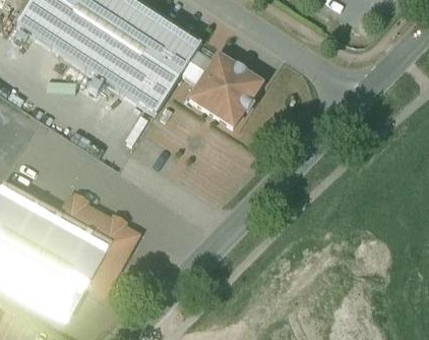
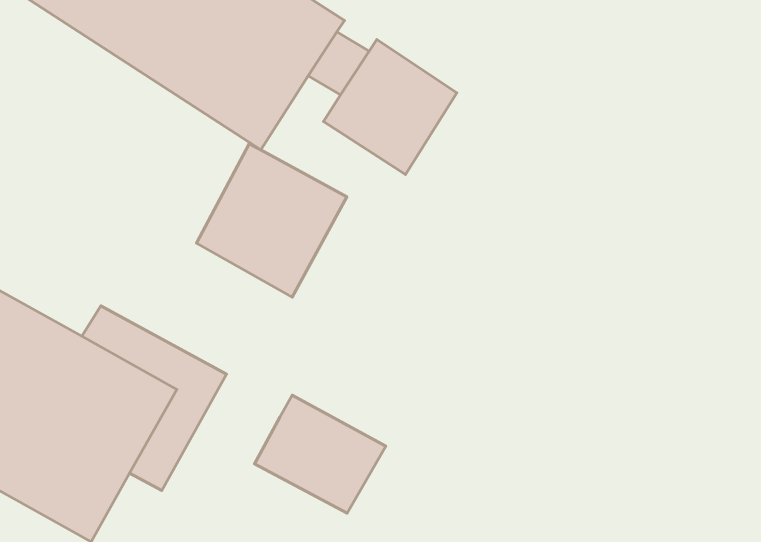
building: none -> [196,144,347,297]
building: none -> [255,395,386,513]

